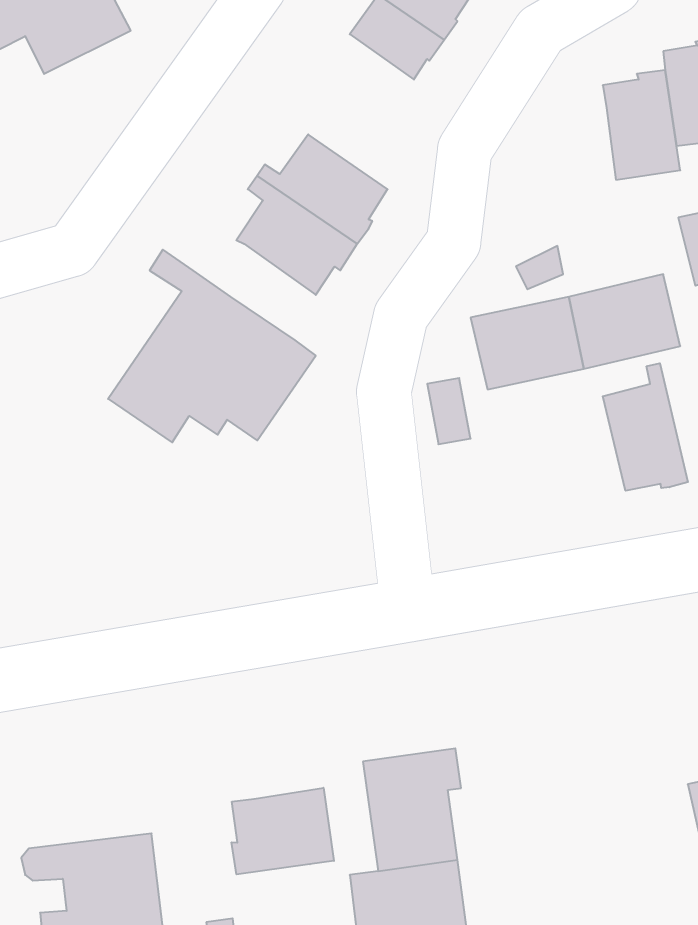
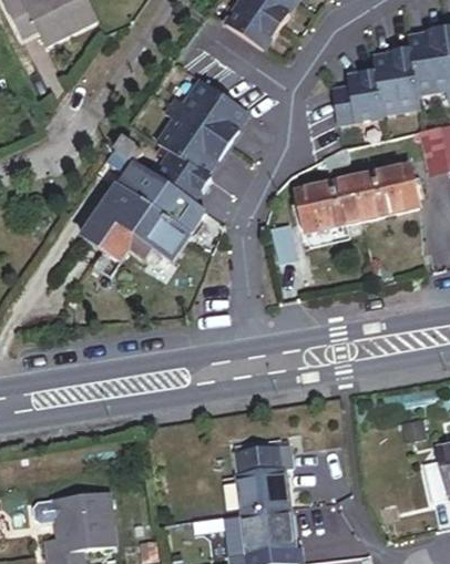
building: none -> [331,66,382,119]
building: none -> [155,146,211,203]
building: [603,363,688,491] -> none
building: [232,788,334,874] -> none

